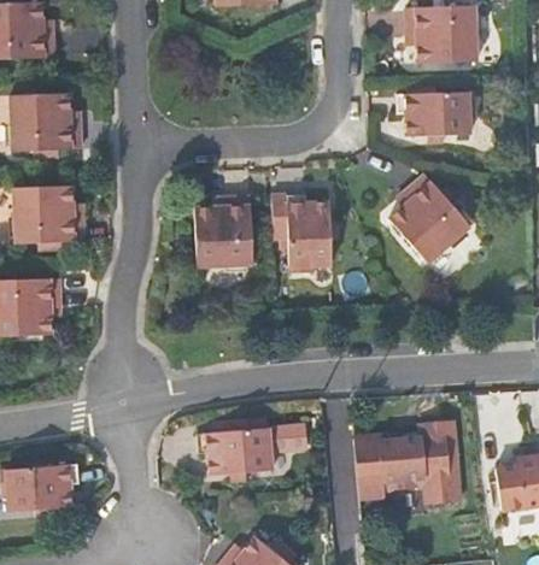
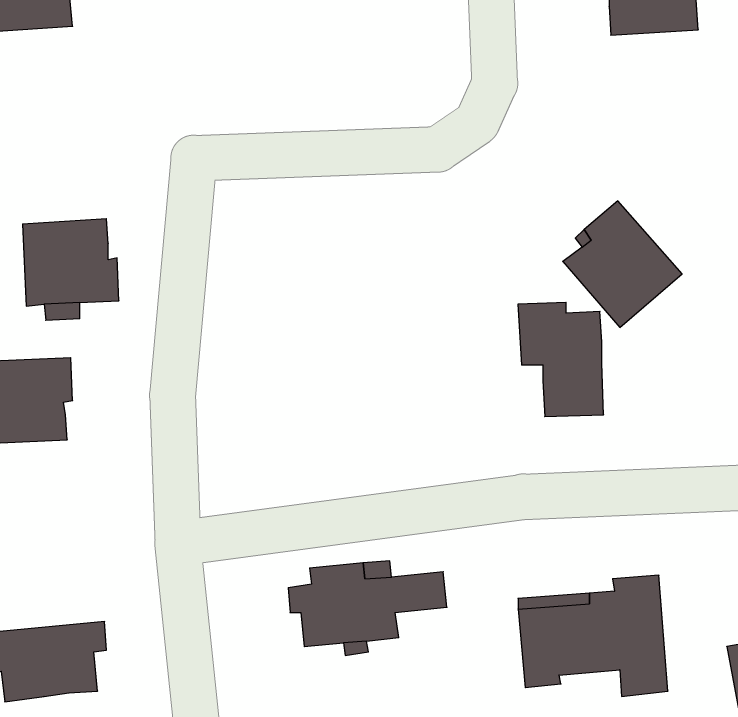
building: [397,89,474,134] -> none
building: [14,93,80,153] -> none
building: [270,194,328,271] -> [518,302,604,417]
building: [193,196,251,263] -> none

